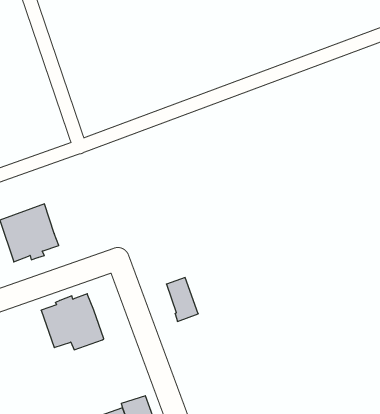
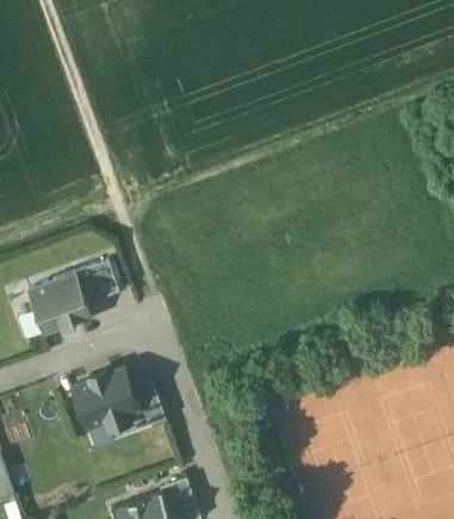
building: none -> [75,262,118,305]
building: [166,278,198,321] -> [129,381,163,429]

